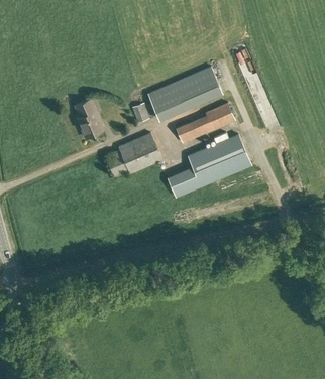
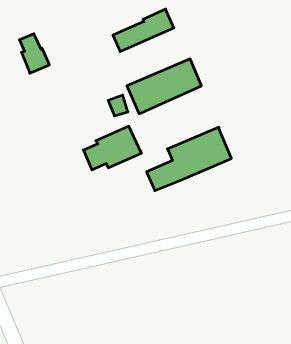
building: [75,100,104,138] -> [19,34,49,73]
building: [176,102,235,143] -> [113,9,174,52]

